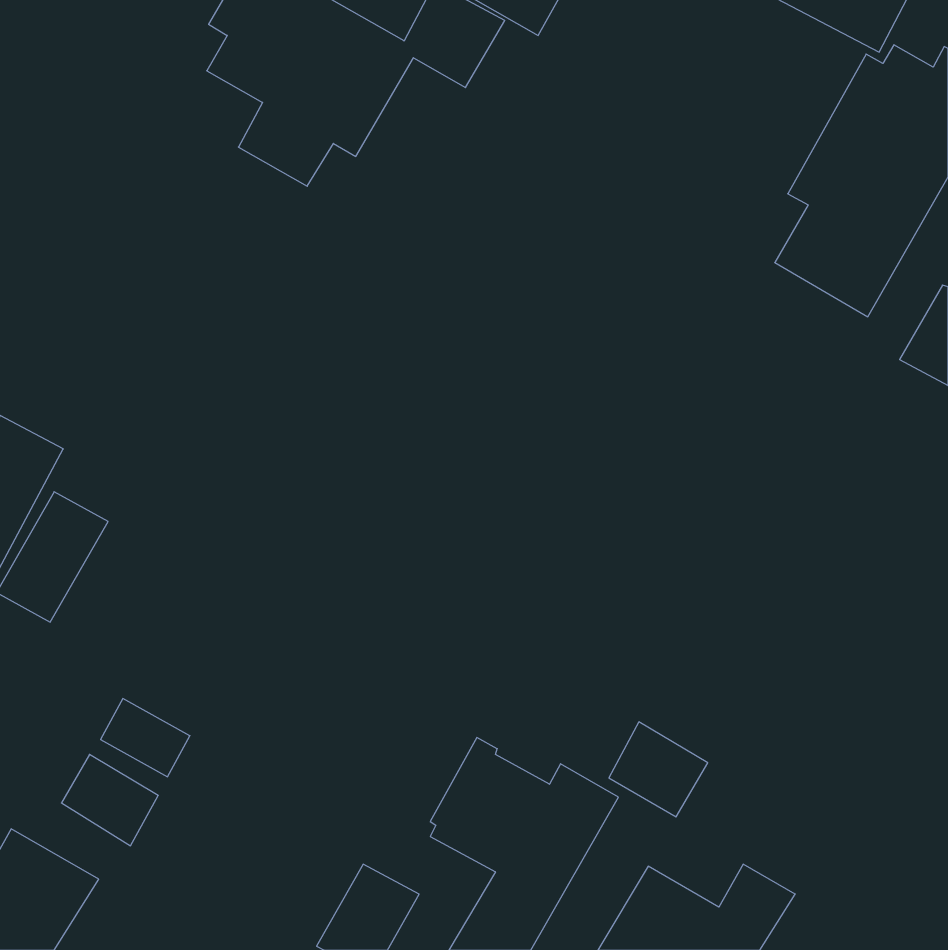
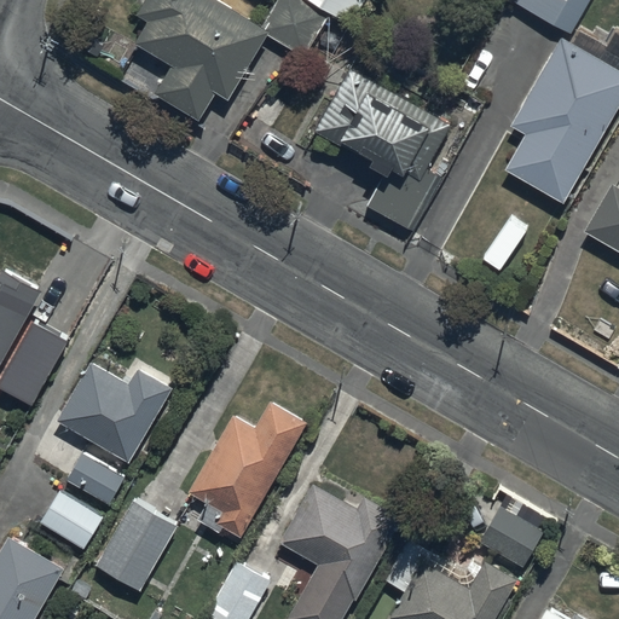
building: none -> [313,68,451,231]
building: none -> [57,363,170,462]
building: none -> [187,401,307,537]
building: [609,722,708,817] -> [479,505,543,567]
building: none -> [94,499,178,591]

